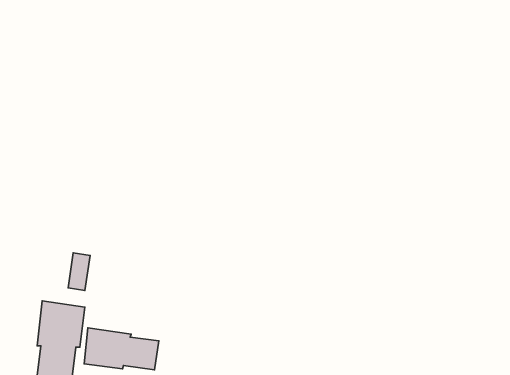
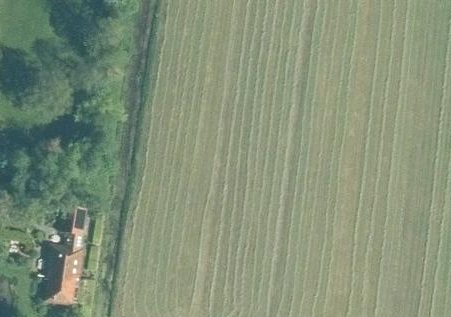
building: [84,328,159,370] -> none

